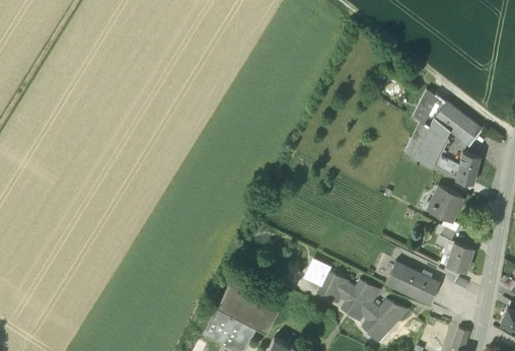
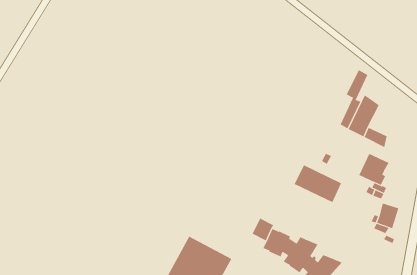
building: [434,100,483,145] -> none
building: [456,151,481,184] -> none
building: [385,261,440,304] -> [294,165,342,203]

